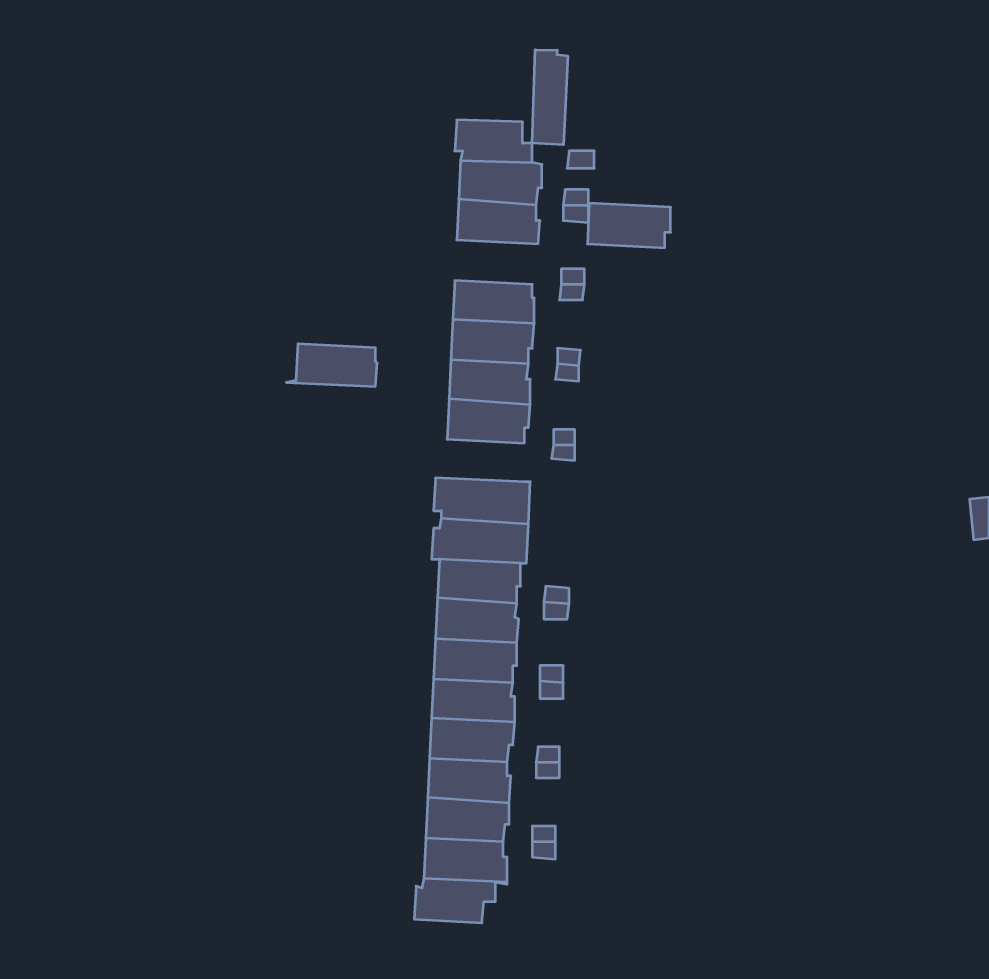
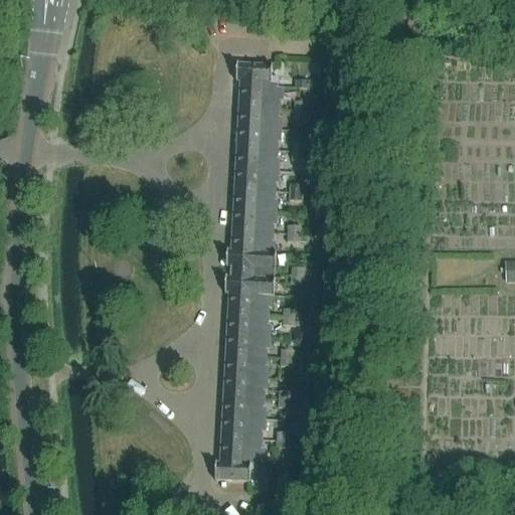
building: [532,50,568,145] -> none
building: [587,203,671,248] -> [236,125,280,148]
building: [286,344,377,386] -> [226,228,274,250]

